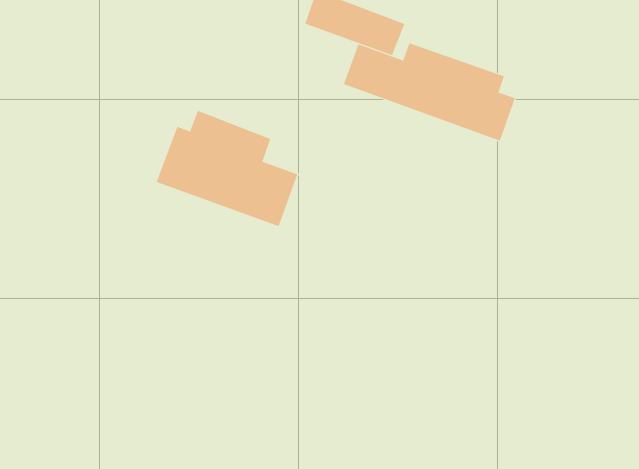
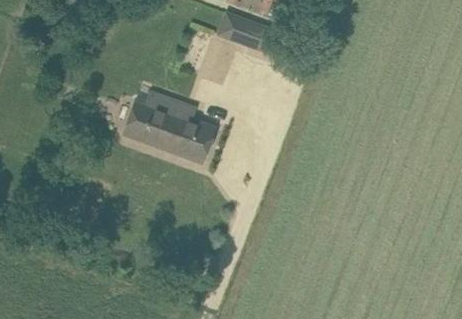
building: [343,43,515,142] -> none

